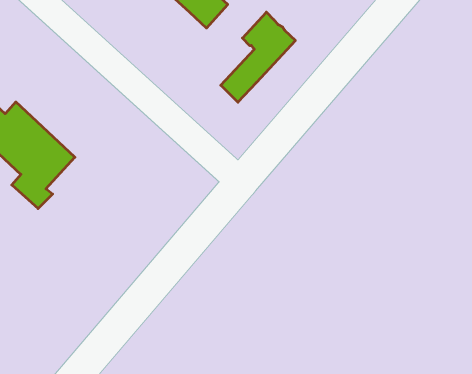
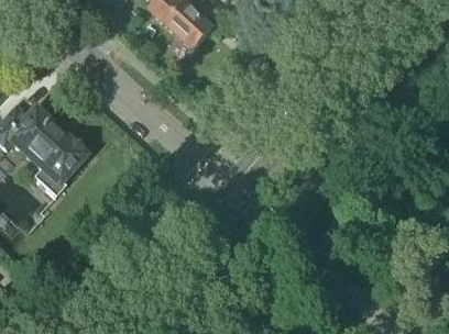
building: [221,12,295,102] -> none

